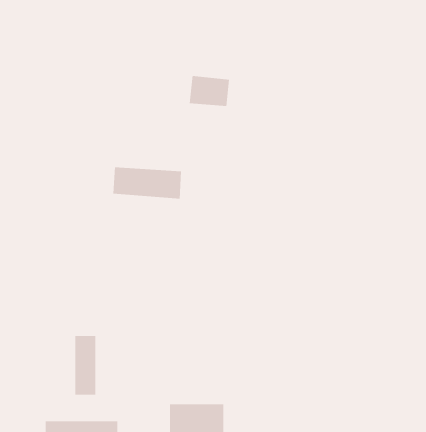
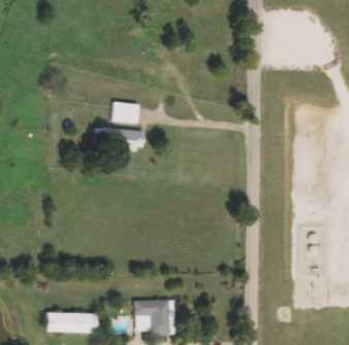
building: [189,75,230,106] -> [110,100,140,123]
building: [75,335,96,395] -> none

